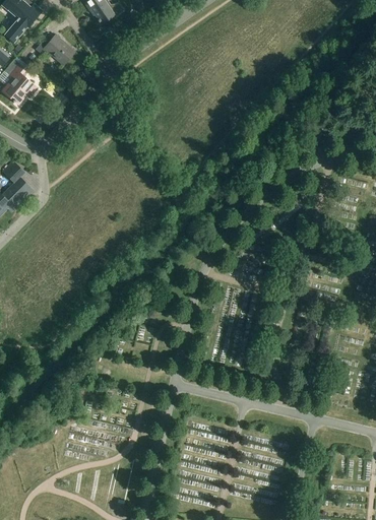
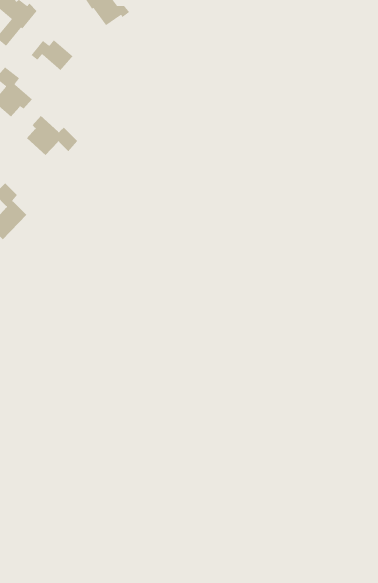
building: none -> [26,115,78,156]

